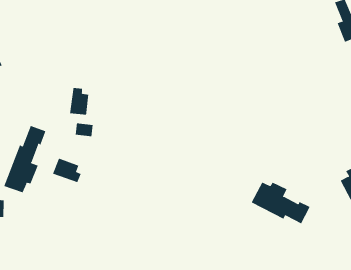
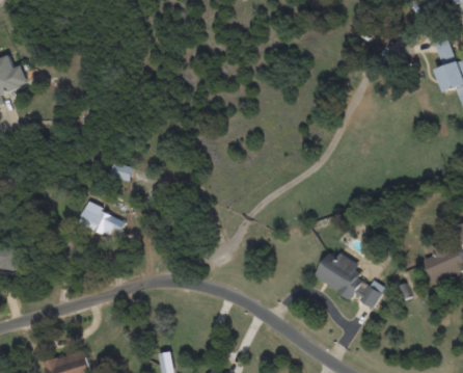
building: [69,87,89,115] -> none
building: [4,125,46,193] -> none

